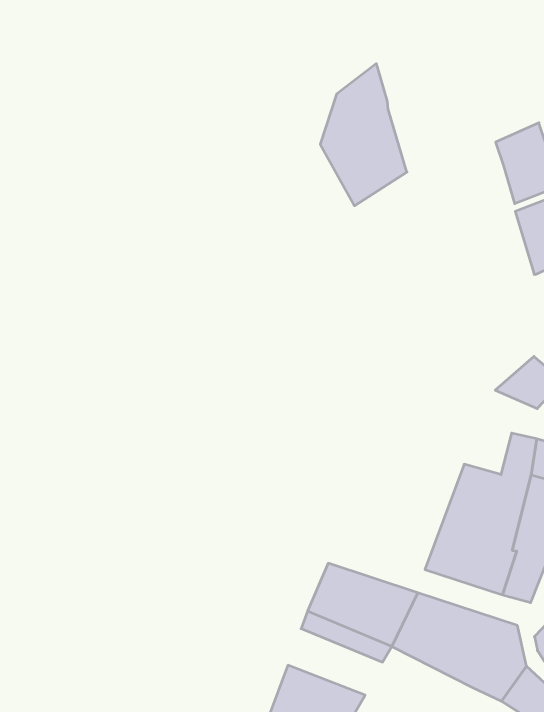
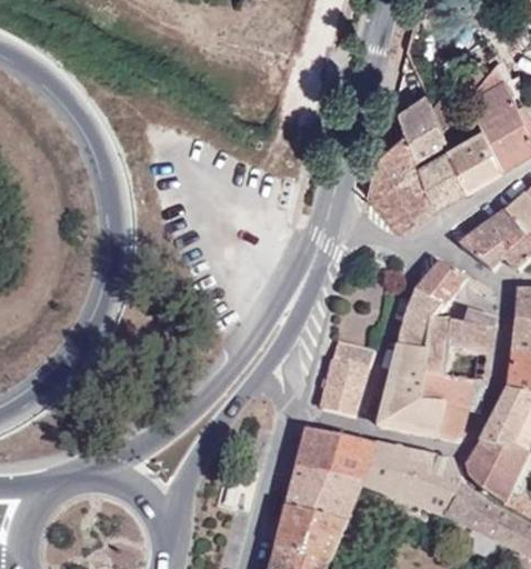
building: [320,64,407,206] -> [369,124,434,230]
building: none -> [399,289,448,350]
building: none -> [320,340,373,416]
building: none -> [287,479,355,522]

